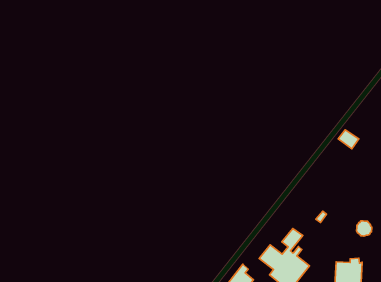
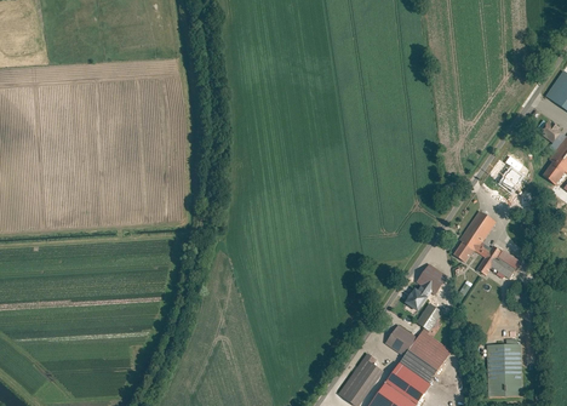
building: none -> [454,215,516,281]
building: none -> [407,268,446,310]

